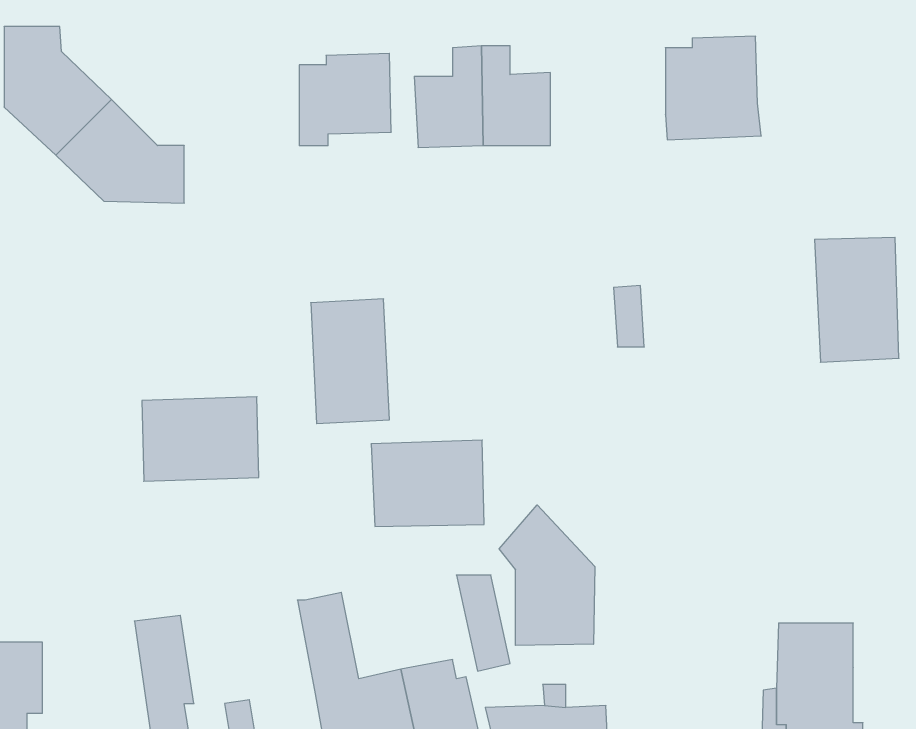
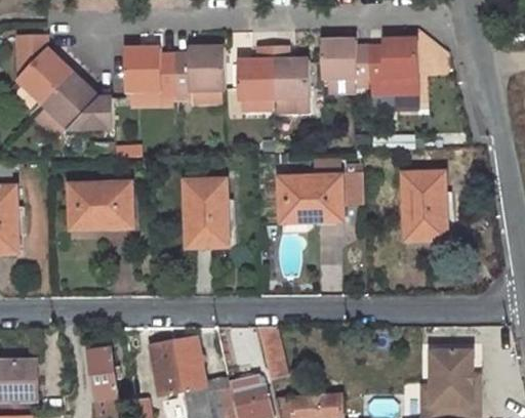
building: none -> [321,41,371,82]
building: none -> [126,51,175,98]
building: [815,237,899,362] -> [398,173,443,240]
building: [142,397,259,481] -> [64,183,126,228]
building: [371,440,484,526] -> [276,176,336,222]
building: [499,505,595,645] -> none
building: none -> [154,341,184,392]

